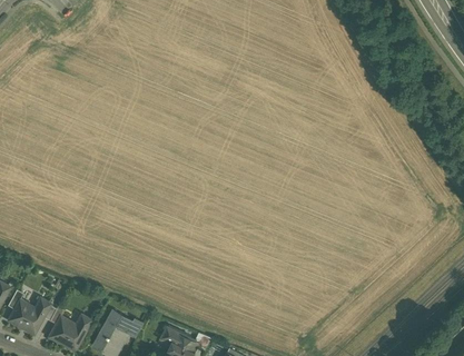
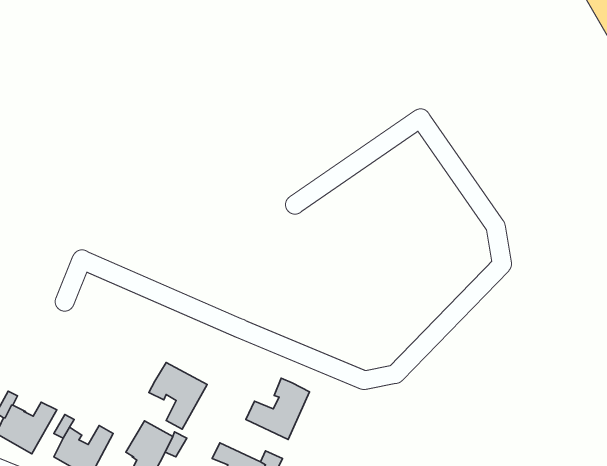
building: none -> [149,363,207,429]
building: none -> [246,378,310,439]

